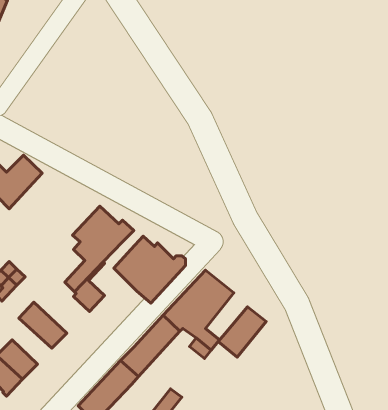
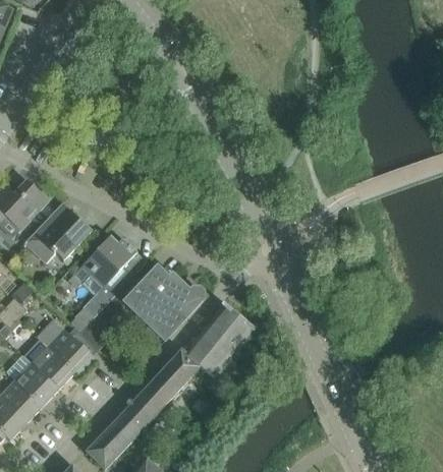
building: none -> [24,201,84,261]
building: none -> [36,317,97,375]
building: [218,307,266,357] -> none
building: none -> [15,362,58,405]

